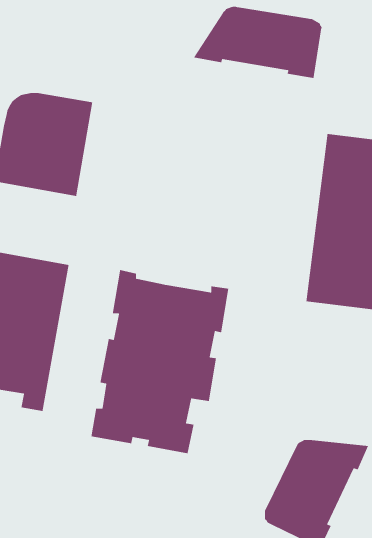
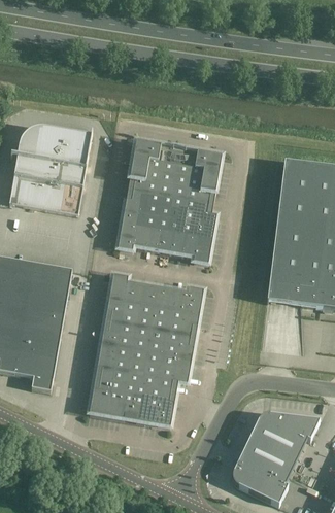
building: [193,6,322,79] -> none
building: none -> [119,140,222,262]

